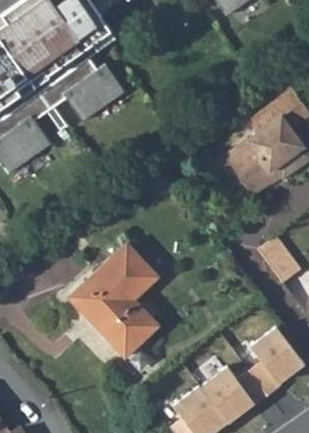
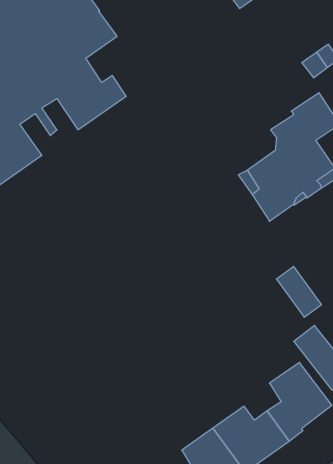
building: [55,244,158,358] -> none

